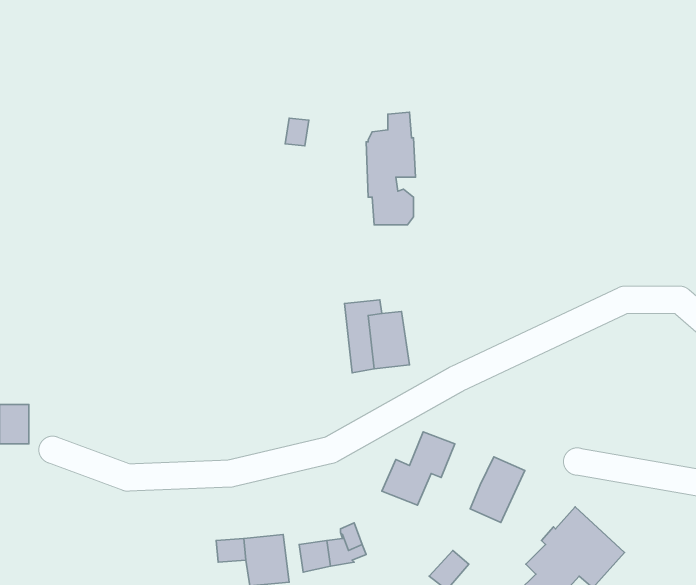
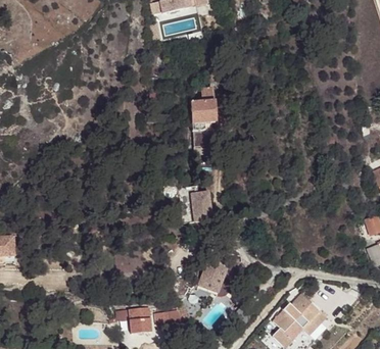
building: [470,457,525,522] -> none

